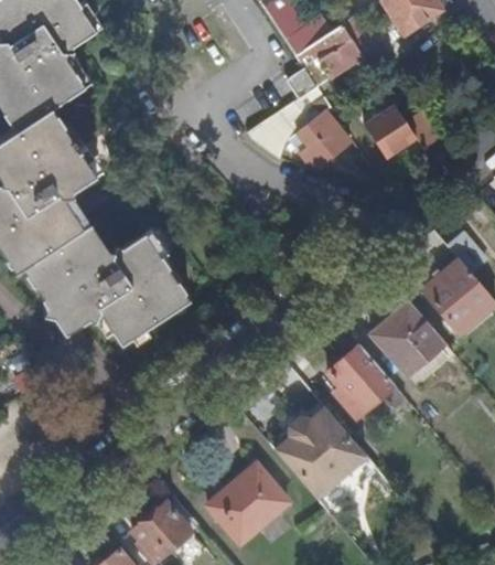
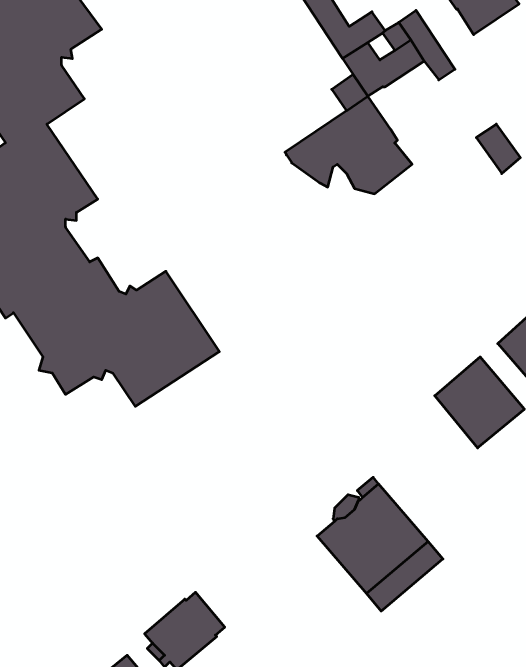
building: [366,96,417,158] -> none
building: [327,345,394,418] -> none
building: [209,465,290,542] -> none

